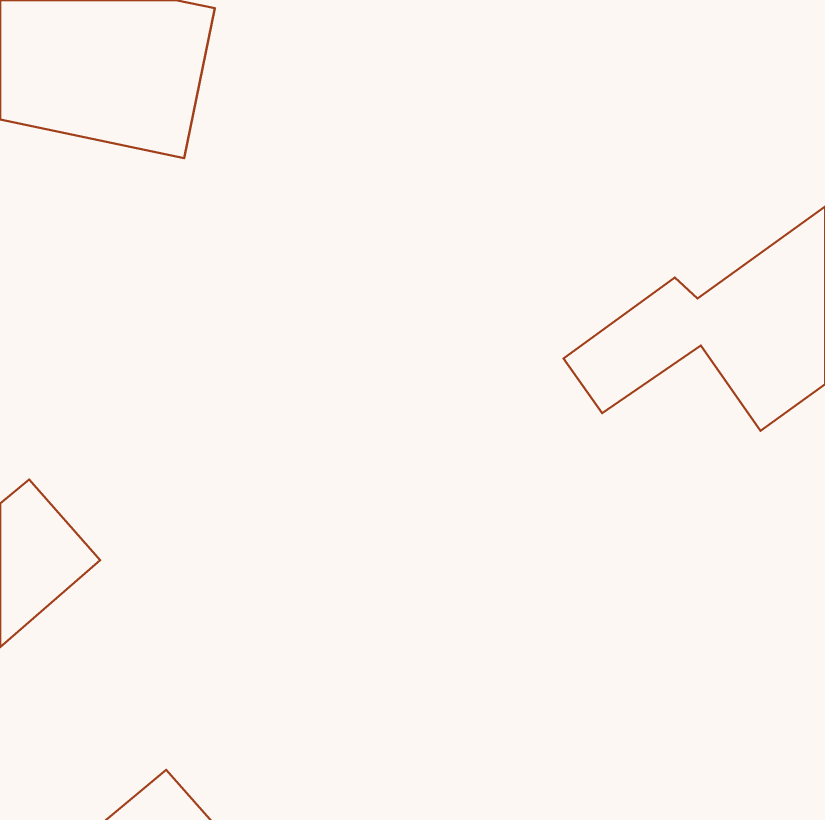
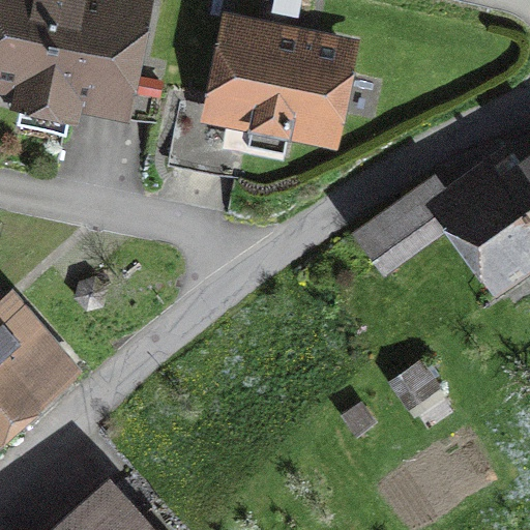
building: none -> [214,27,345,137]

